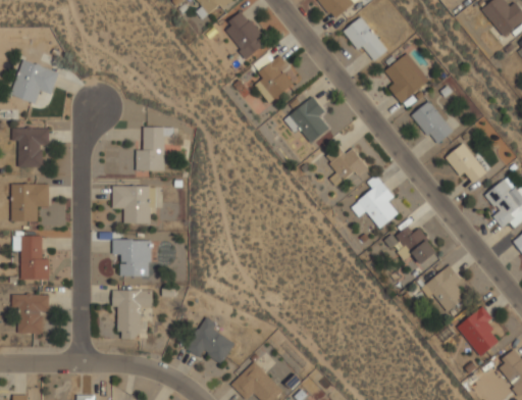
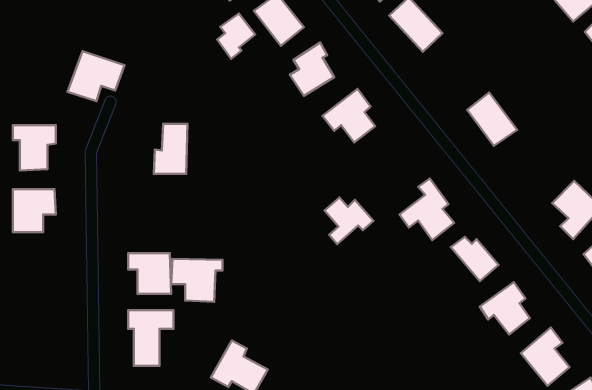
building: none -> [217,13,255,59]
building: [383,51,429,103] -> none
building: [10,59,60,103] -> [67,51,125,101]
building: [447,142,484,186] -> none
building: [325,146,368,187] -> [324,198,373,244]
building: [112,186,157,223] -> [171,259,222,302]
building: [13,236,50,280] -> none
building: [12,294,50,334] -> none

